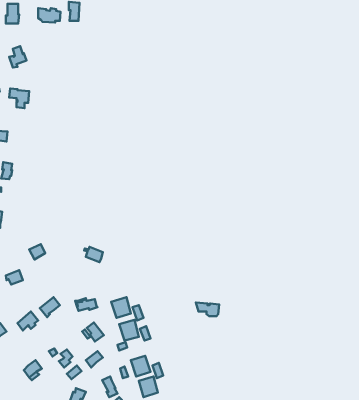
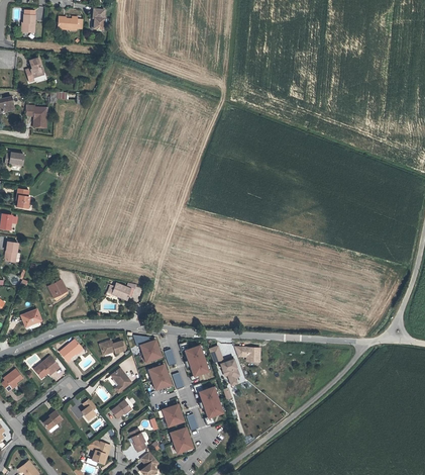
building: none -> [208,345,238,379]
building: none -> [184,346,209,378]
building: none -> [199,387,224,418]

